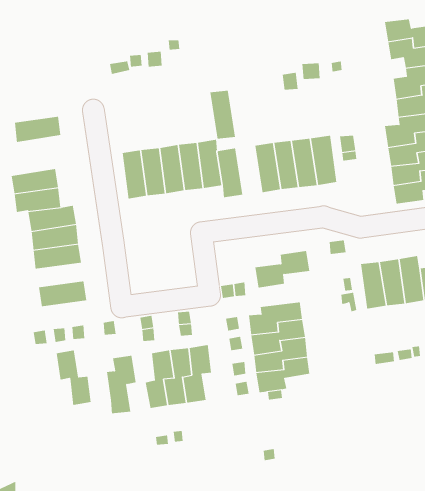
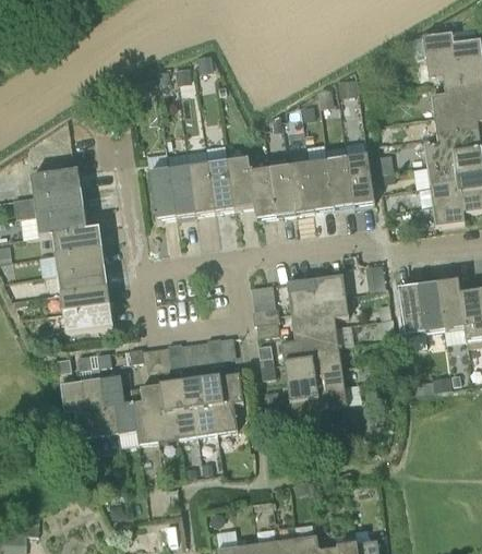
building: [210,90,236,139] -> [267,164,294,215]
building: [14,116,61,142] -> [31,168,80,195]
building: none -> [58,286,109,311]
building: none -> [290,294,347,332]
building: none -> [99,374,136,431]
building: none -> [59,380,97,436]
building: none -> [154,380,182,441]

